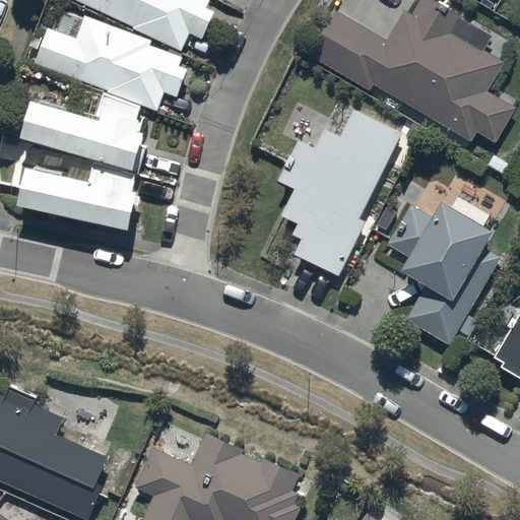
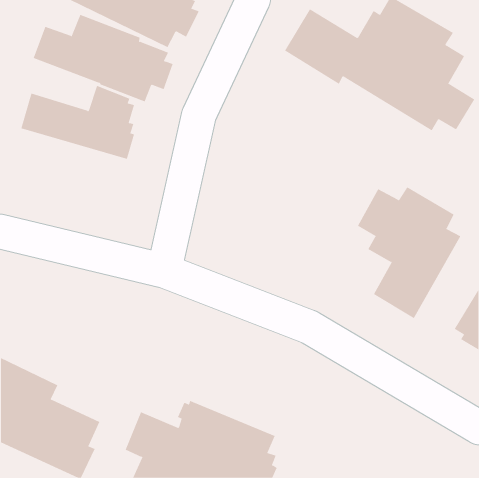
building: [278,108,403,274] -> none
building: [19,168,142,232] -> none

